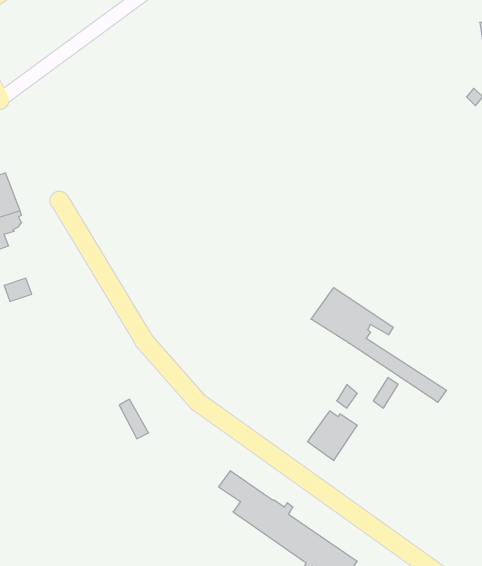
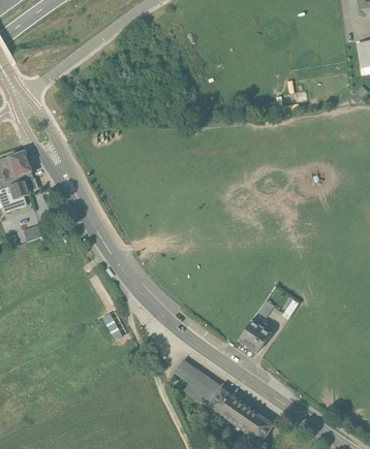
building: [311,288,446,402] -> none

